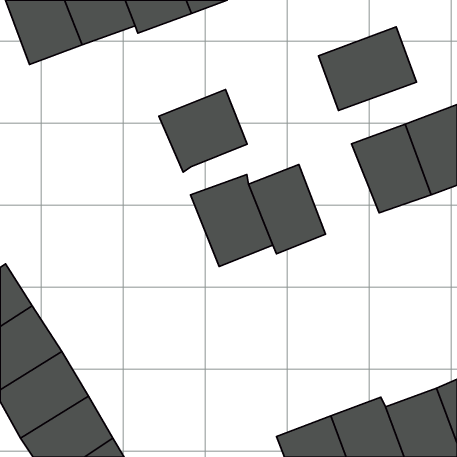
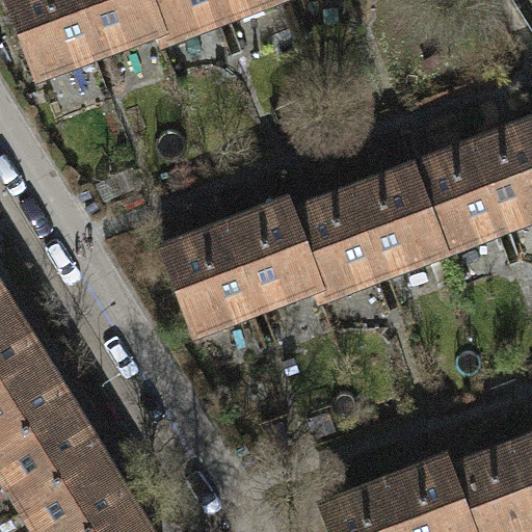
building: [319,27,416,111] -> none
building: [159,89,247,172] -> none
building: none -> [347,167,441,272]
building: none -> [165,227,255,329]

